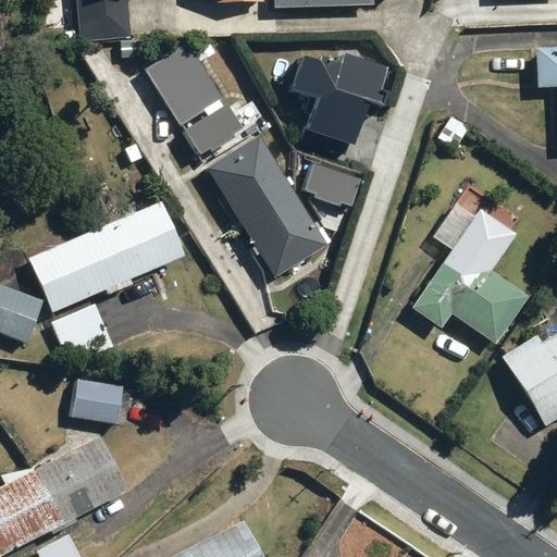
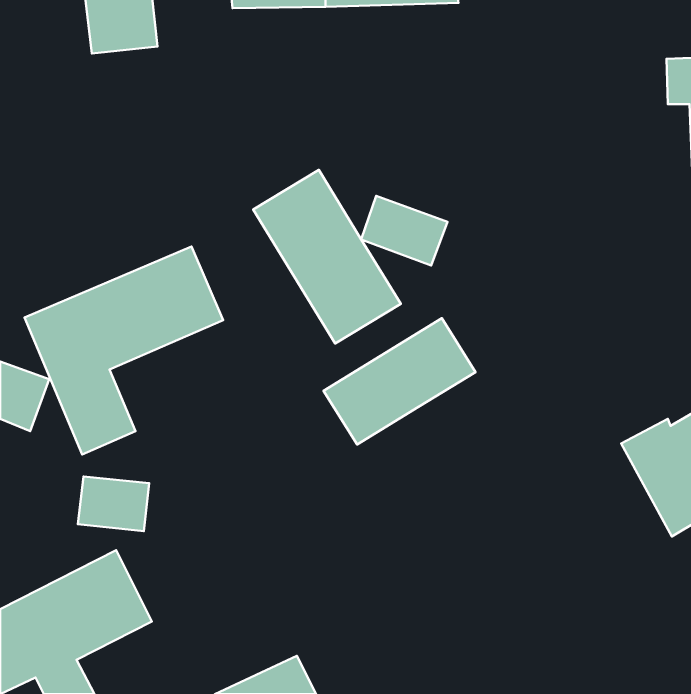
building: [144,38,247,158] -> none
building: [283,46,379,148] -> none
building: [412,209,530,344] -> none
building: none -> [324,318,475,445]

